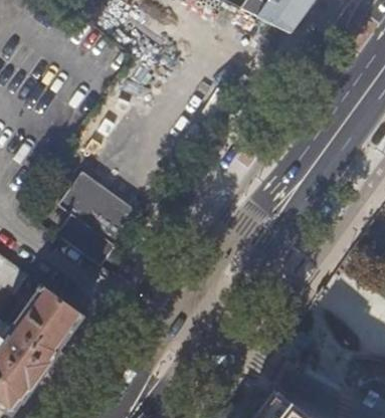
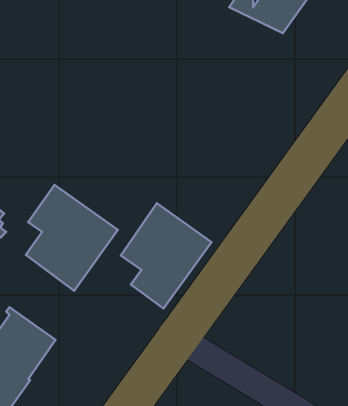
building: none -> [121,203,211,308]

